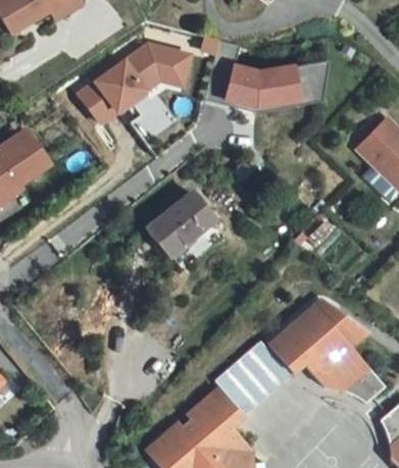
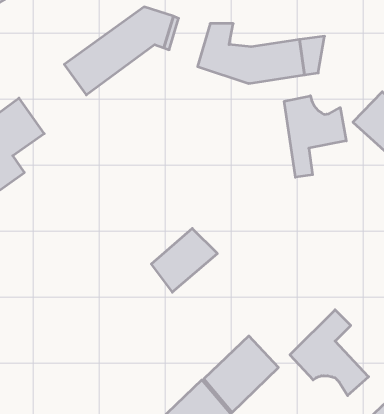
building: none -> [284,96,346,177]
building: [152,190,216,252] -> [151,228,217,292]
building: [259,304,341,382] -> none

